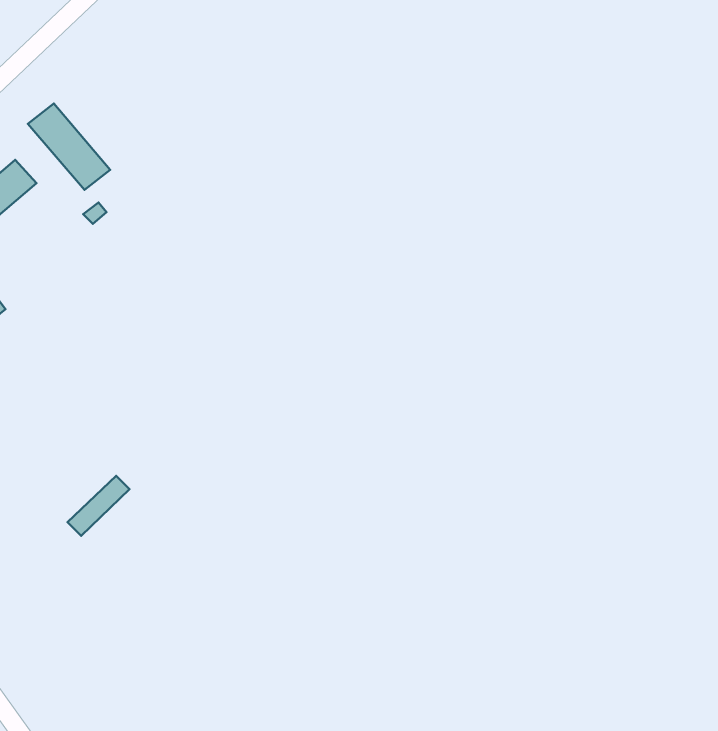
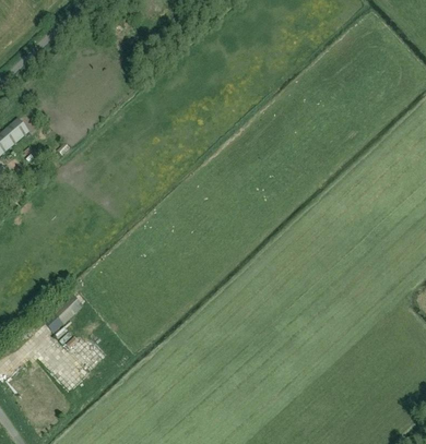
building: [28,104,110,190] -> none

